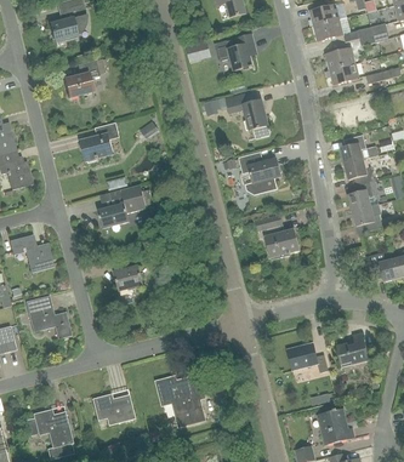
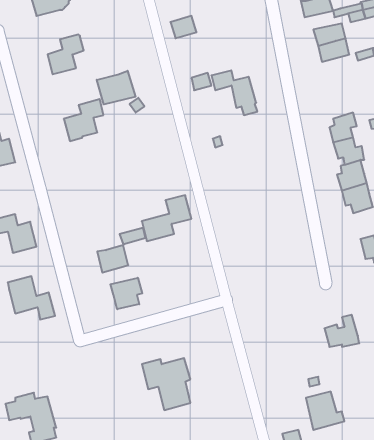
building: [214,33,255,70] -> none
building: none -> [97,71,135,104]
building: [238,152,281,194] -> none
building: [97,184,146,229] -> [142,195,191,241]
building: [255,213,300,258] -> none
building: none -> [110,278,142,309]
building: [286,342,328,372] -> none
building: [91,393,135,424] -> none

